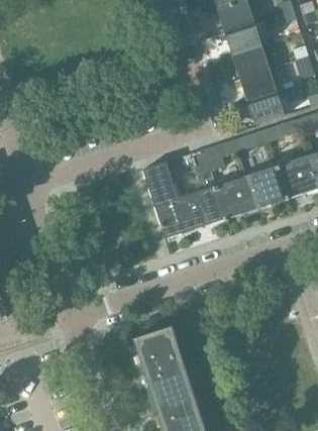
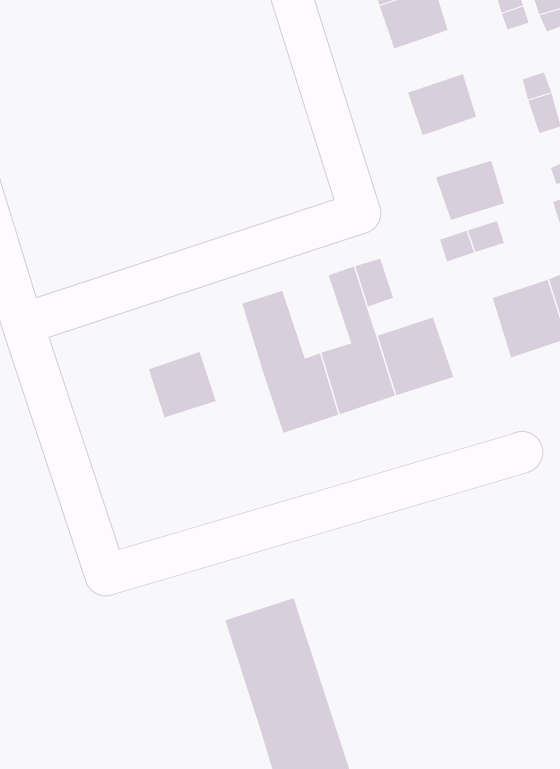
building: [224,22,261,56] -> none
building: [239,69,277,101] -> none
building: [245,166,287,208] -> none
building: none -> [148,351,217,418]

